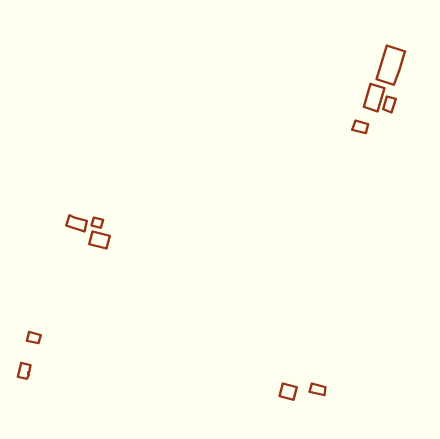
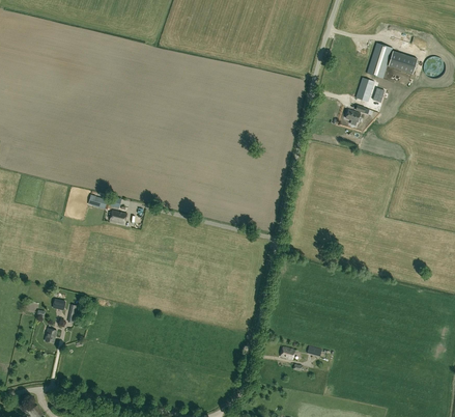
building: none -> [388,51,418,74]

